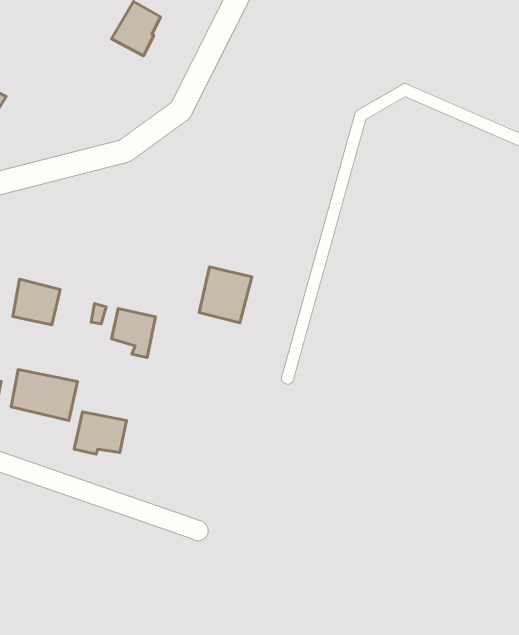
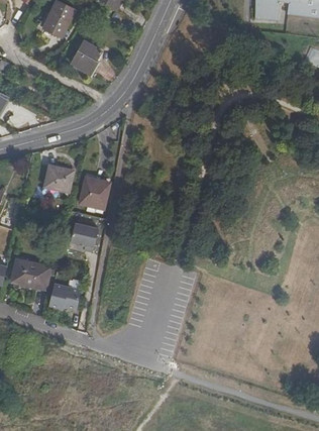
building: [199,267,252,323] -> [79,176,110,209]
building: [13,279,60,325] -> [44,165,73,192]

